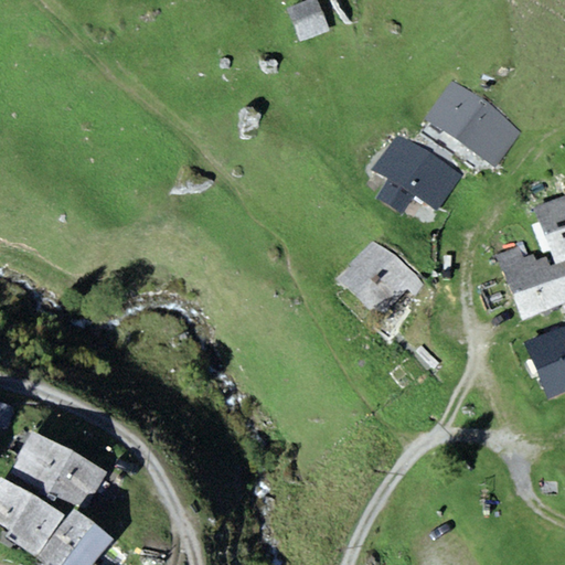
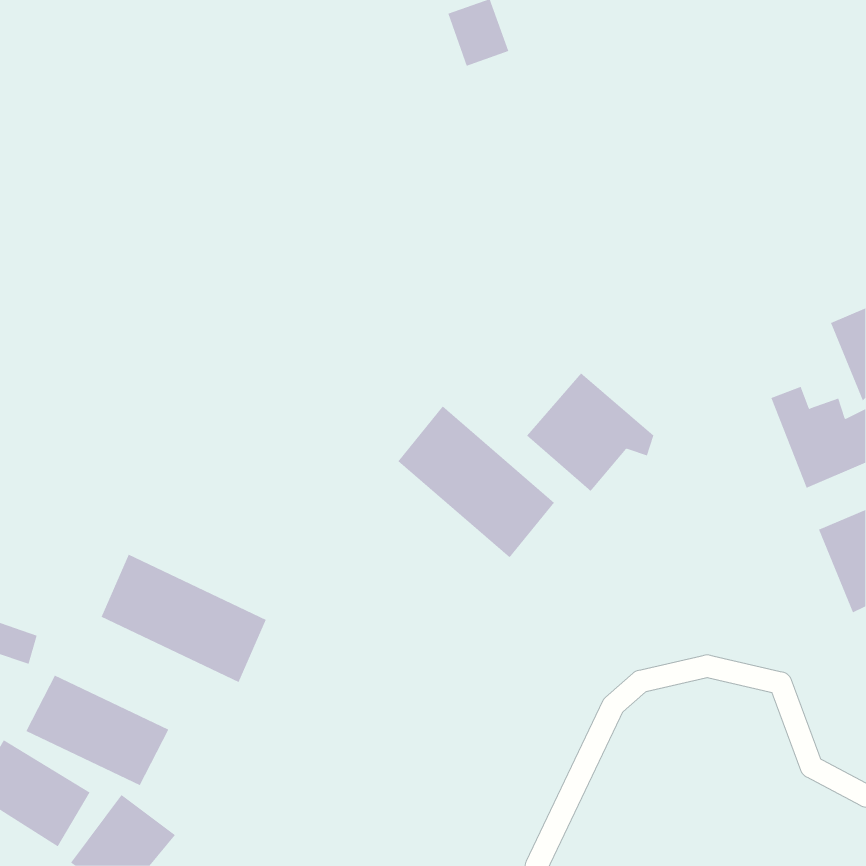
building: [429,87,519,162] -> none
building: [374,131,462,209] -> none
building: none -> [397,406,555,558]
building: none -> [101,554,266,683]

